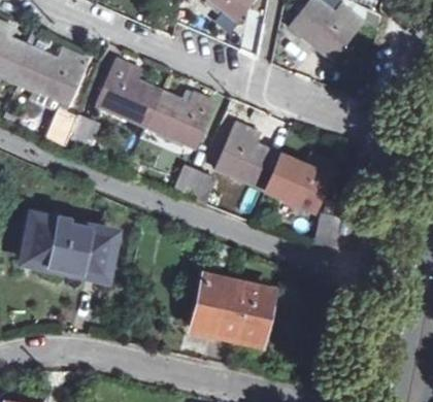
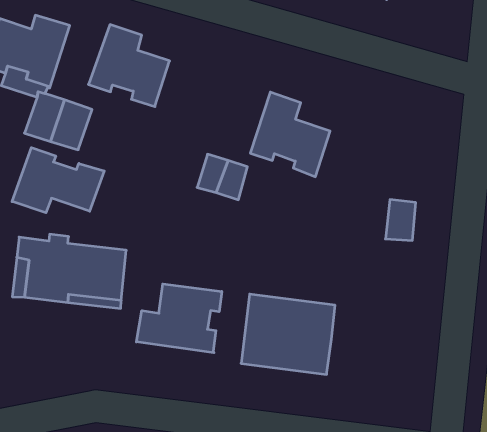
building: [145,92,213,147] -> none
building: none -> [12,148,104,213]
building: [264,157,333,212] -> none
building: none -> [136,284,222,353]

